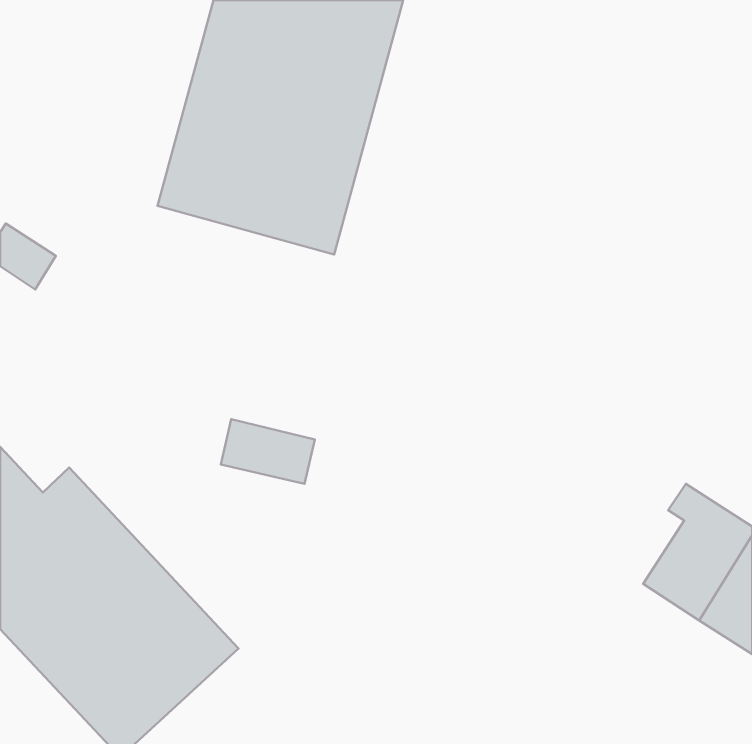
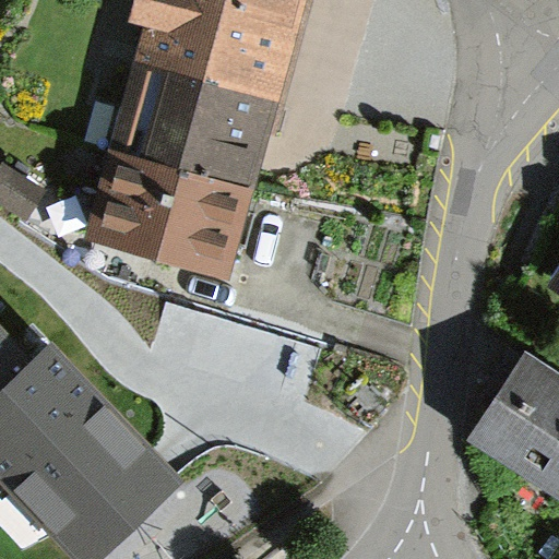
building: none -> [95,158,248,274]

